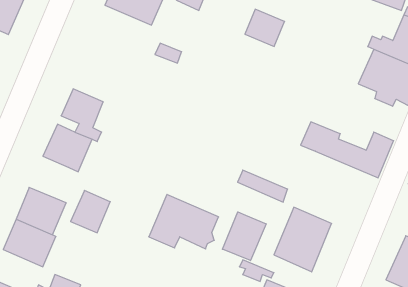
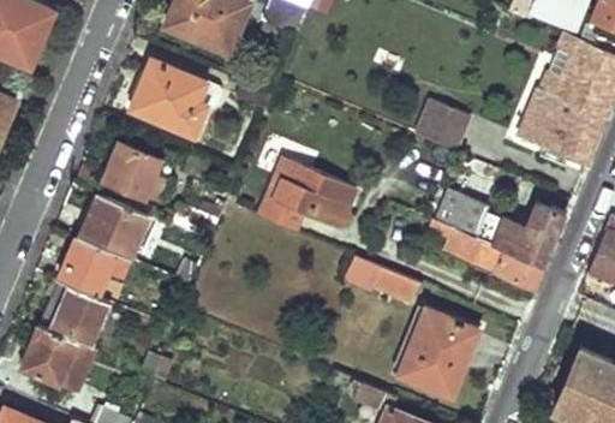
building: [245,9,285,46] -> [417,99,472,150]
building: none -> [135,59,208,133]
building: none -> [447,230,545,293]
building: [71,190,110,233] -> [59,237,114,296]
building: [149,194,219,249] -> [261,156,358,232]
building: [222,212,266,261] -> none

